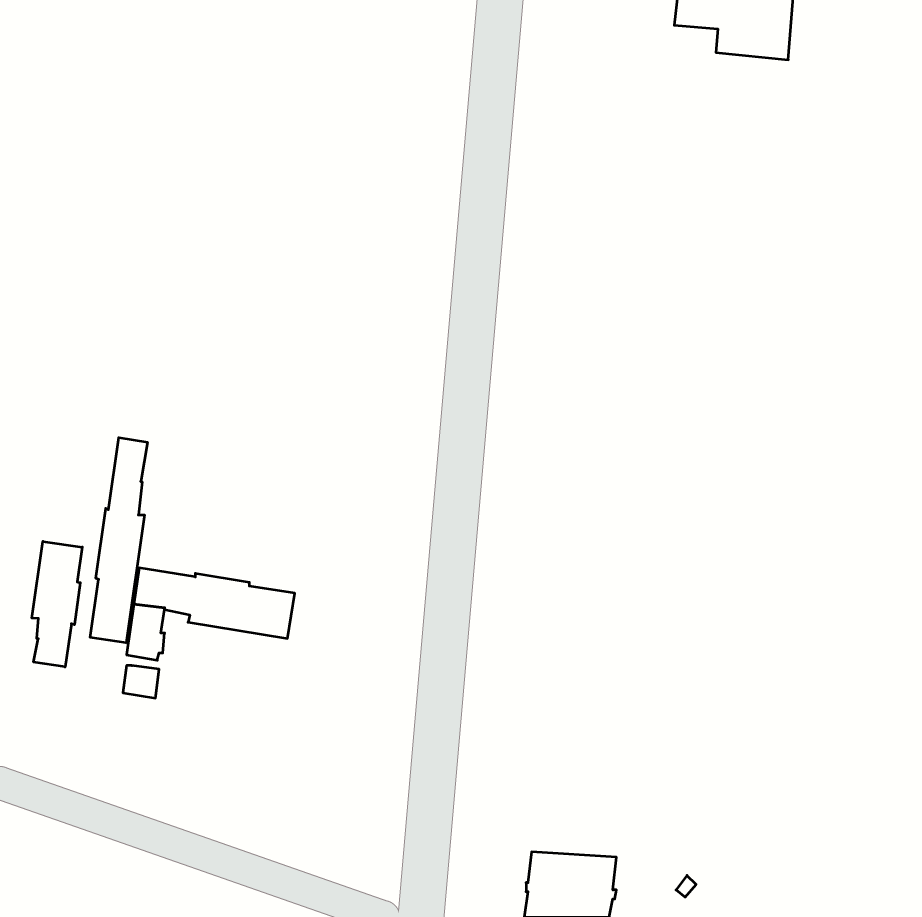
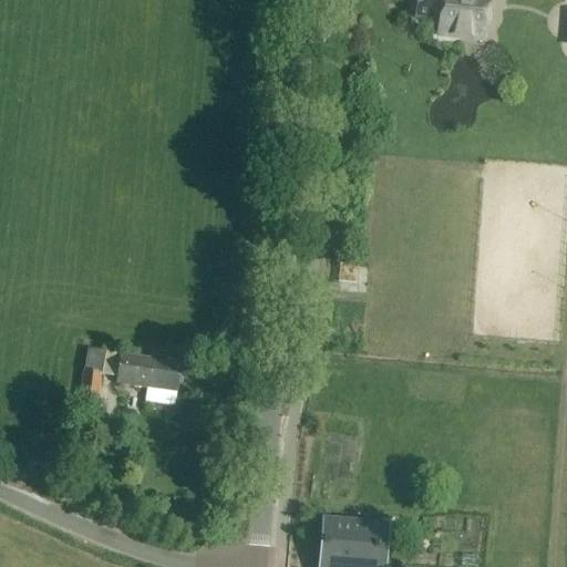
building: [90,438,147,643] -> none
building: [32,541,82,667] -> none

